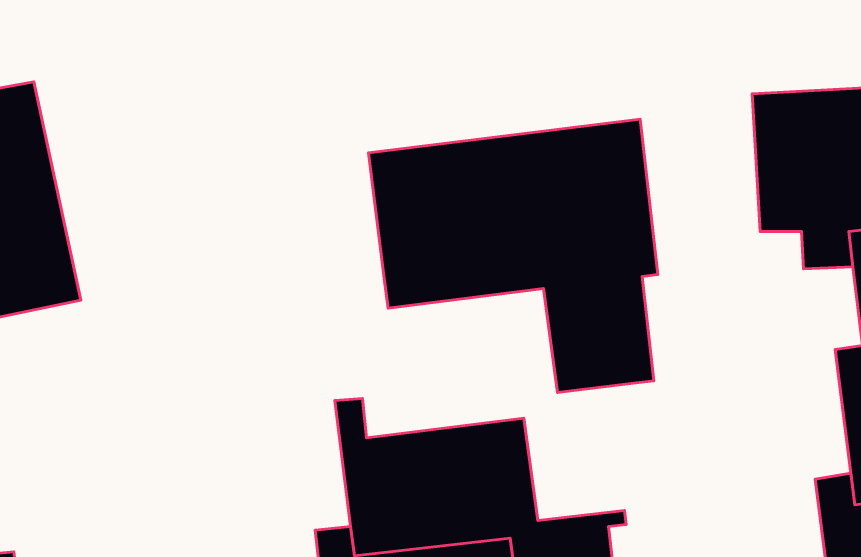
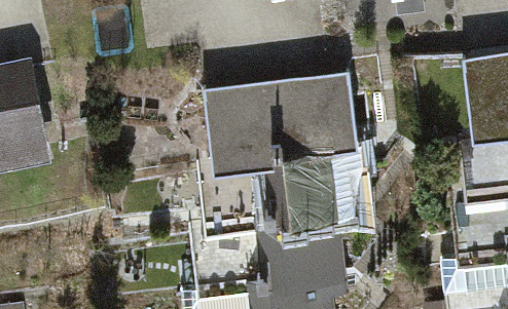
building: none -> [197,156,349,282]

